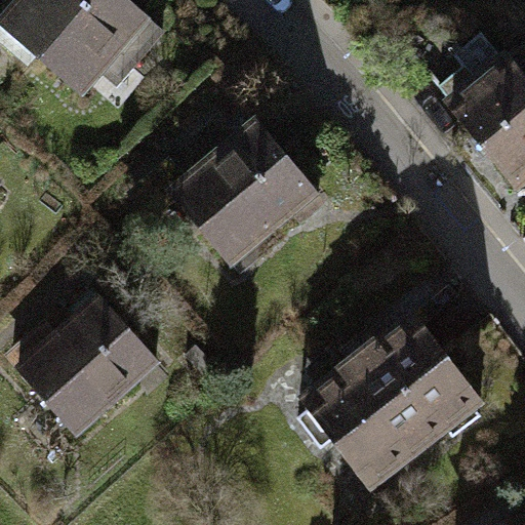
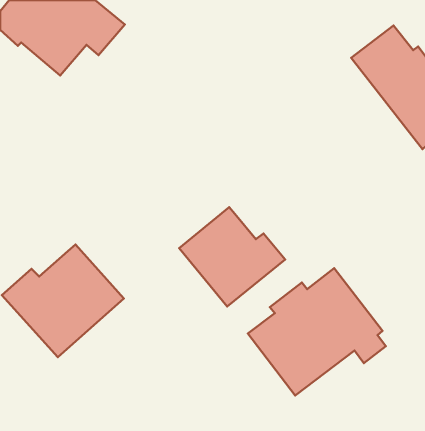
building: [174,125,312,268] -> none
building: none -> [179,207,285,306]

